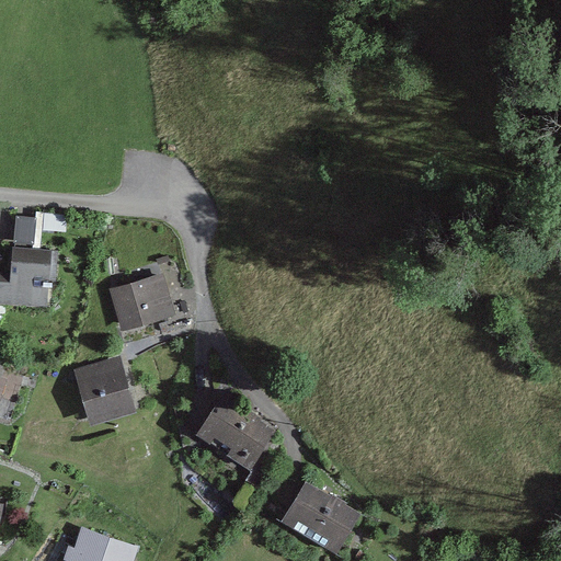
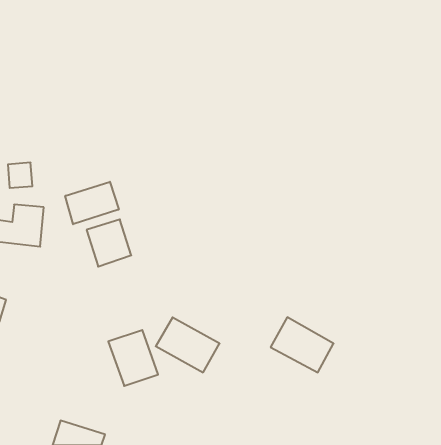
building: none -> [65,182,119,224]
building: [76,354,138,424] -> [108,330,158,386]
building: [279,484,358,553] -> [271,317,334,372]

